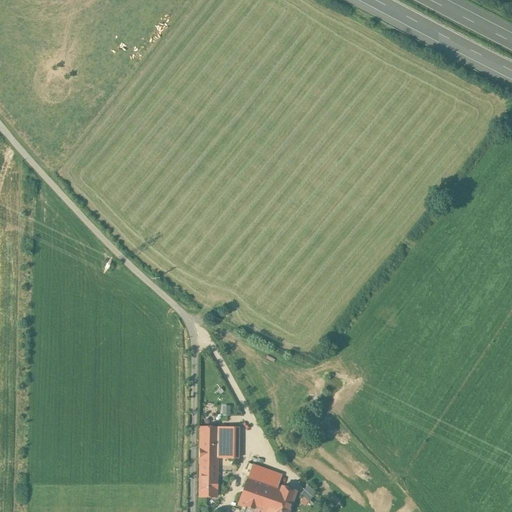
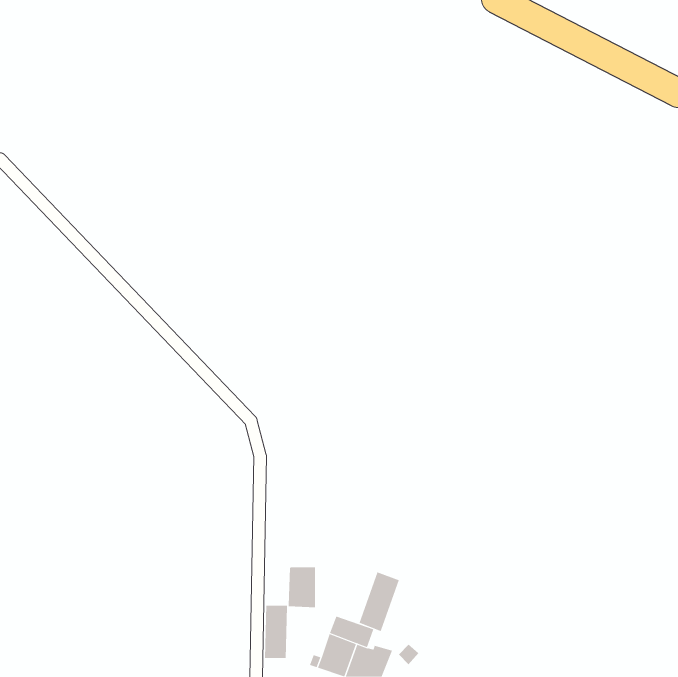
building: [200,427,218,456] -> none
building: none -> [359,571,399,632]

